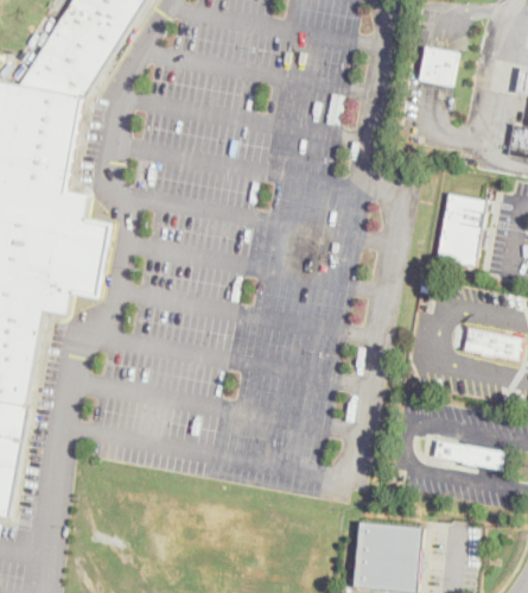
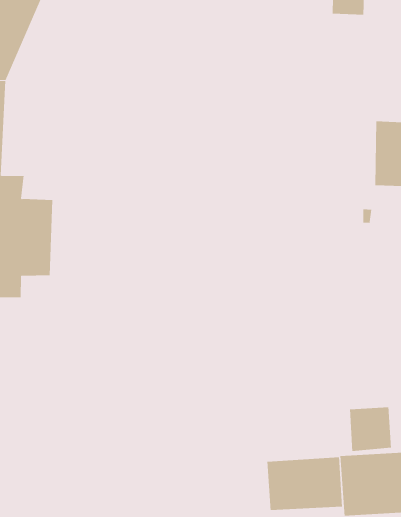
building: none -> [350,406,391,452]
building: none -> [267,457,342,511]

